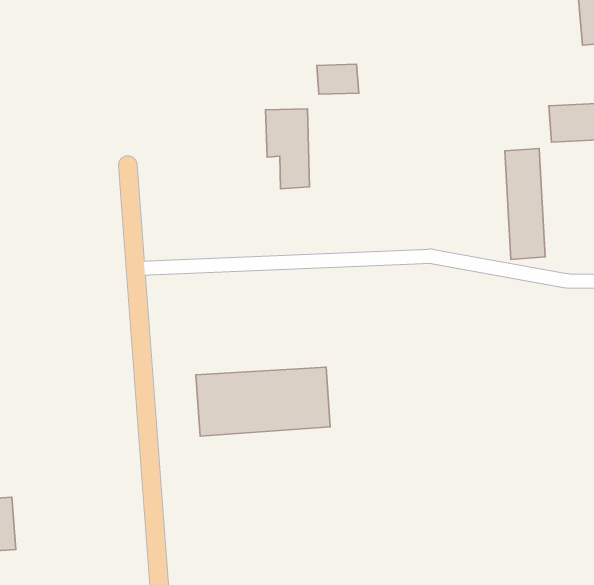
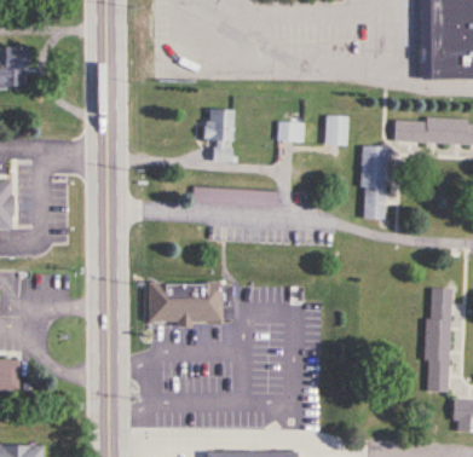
building: [317,64,359,94] -> [277,121,304,141]
building: none -> [325,115,347,144]

